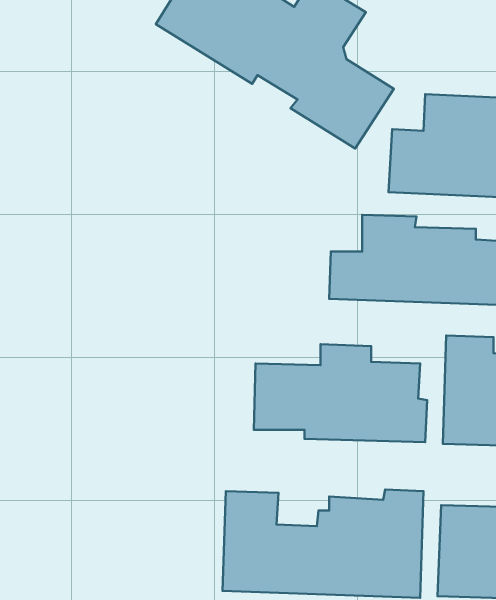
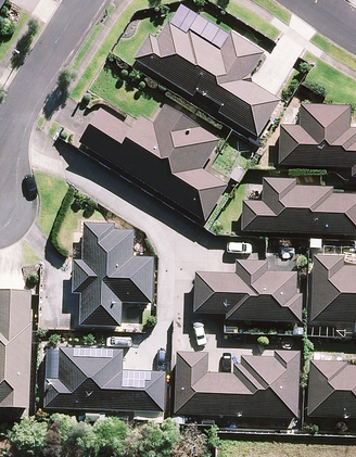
building: none -> [78,104,227,221]
building: none -> [73,220,153,325]
building: none -> [44,346,164,409]

